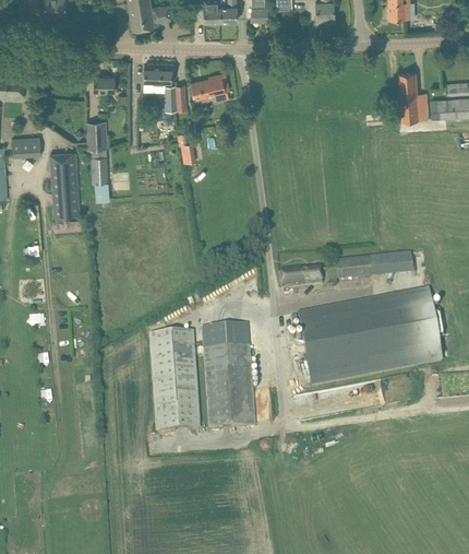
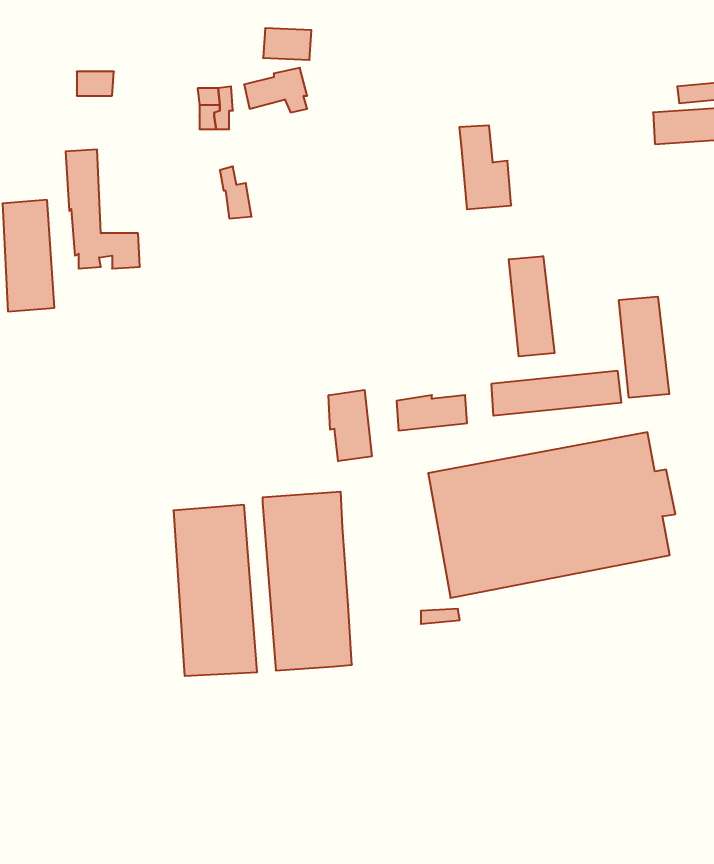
building: [144,64,172,83] -> [263,28,311,60]
building: [399,71,430,120] -> [459,125,511,209]
building: none -> [509,256,554,356]
building: none -> [619,297,669,398]
building: none -> [329,390,372,461]

